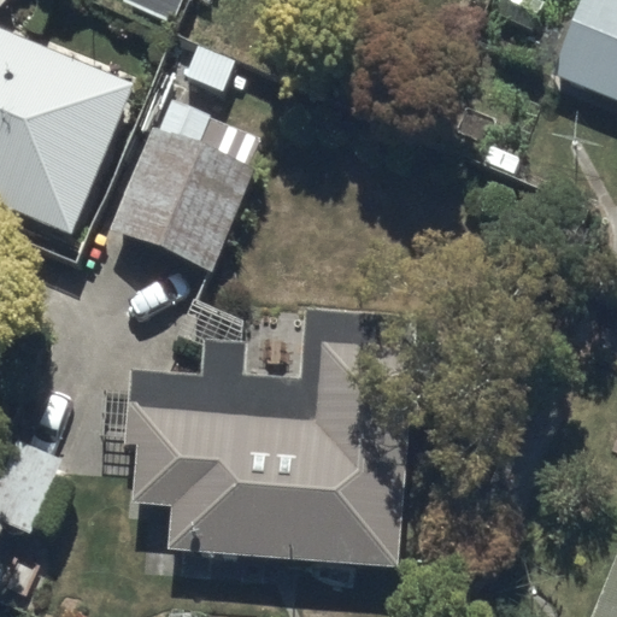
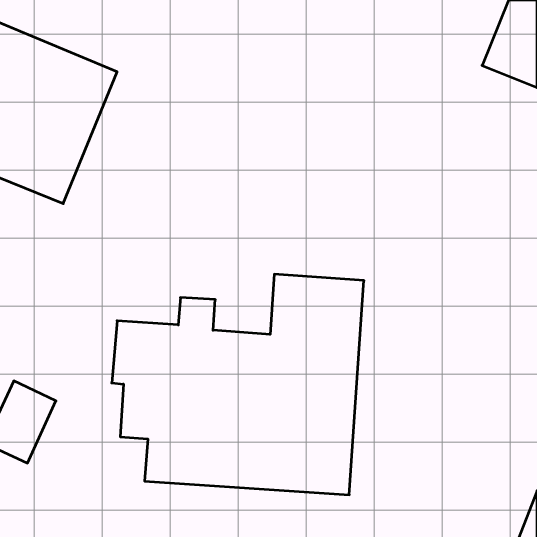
building: [111,129,252,270] -> none

